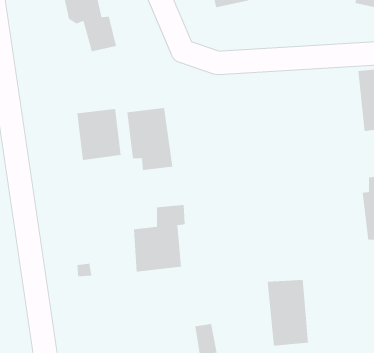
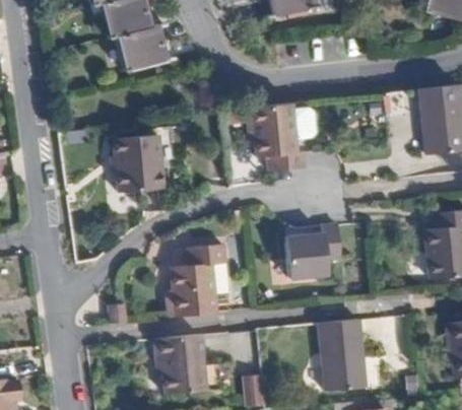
building: [127,108,173,171] -> [255,101,307,172]
building: none -> [288,225,341,284]
building: none -> [156,333,206,394]

